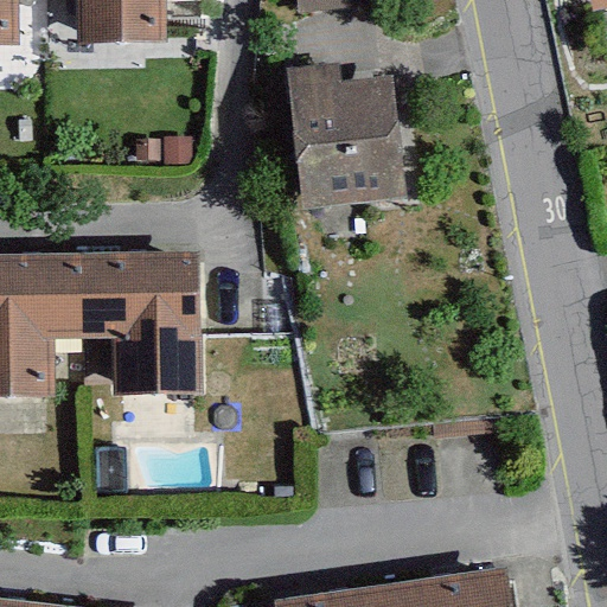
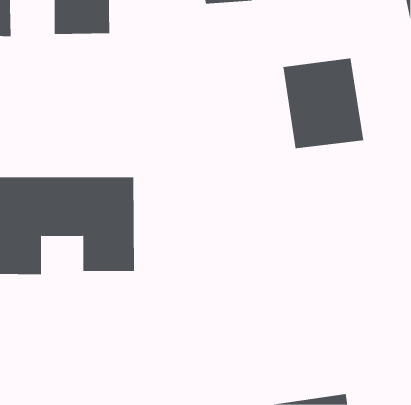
building: [288,78,407,210] -> [283,58,364,149]

